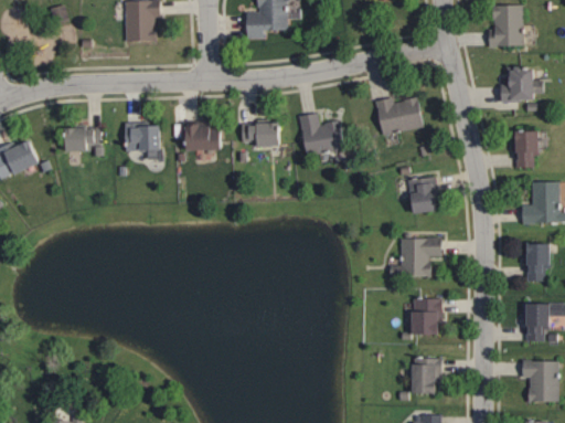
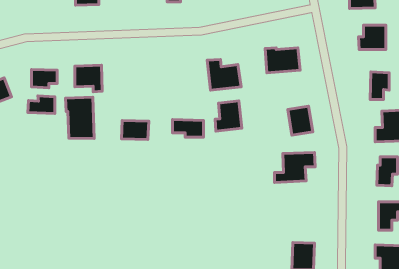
building: [241,123,281,146] -> [173,120,203,137]
building: [185,125,222,150] -> [121,120,149,140]
building: none -> [28,96,55,113]
building: none -> [66,97,94,138]
building: none -> [215,101,242,131]
building: [412,298,441,335] -> none

